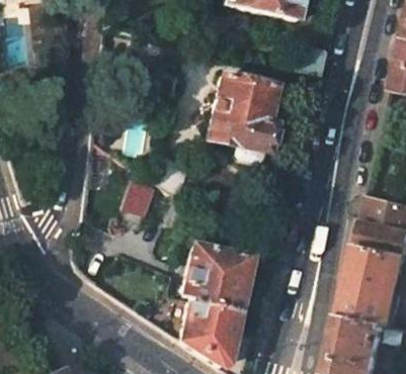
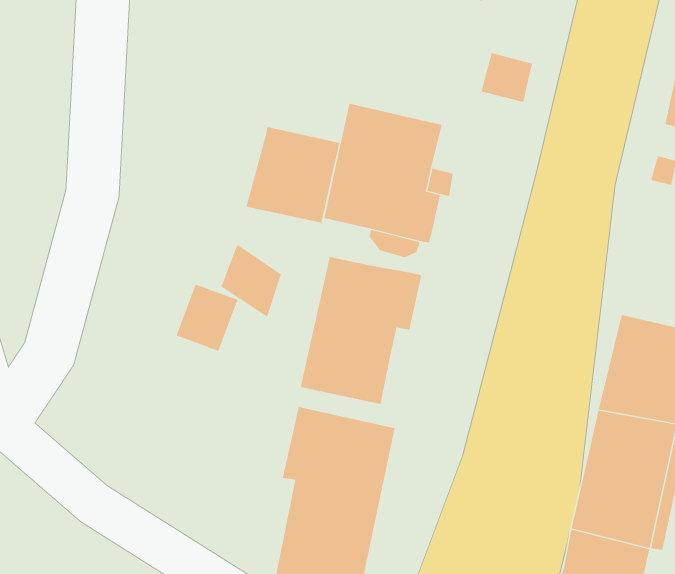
building: none -> [246,126,340,223]
building: none -> [300,256,422,405]

